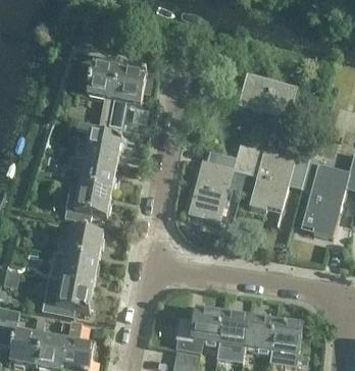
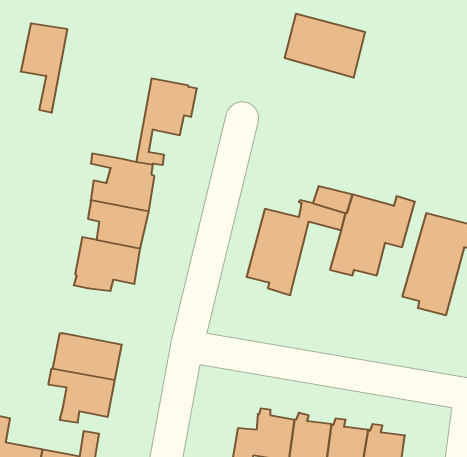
building: [87,63,120,127] -> [21,23,67,113]
building: [239,73,297,119] -> [285,14,365,78]
building: [57,218,104,259] -> none

